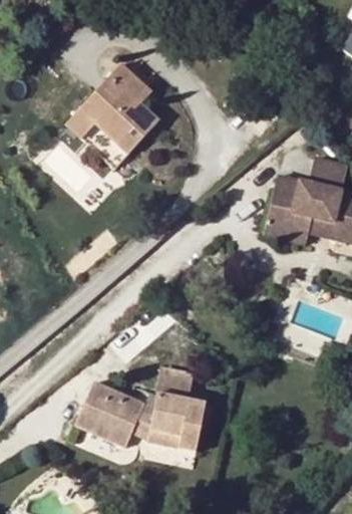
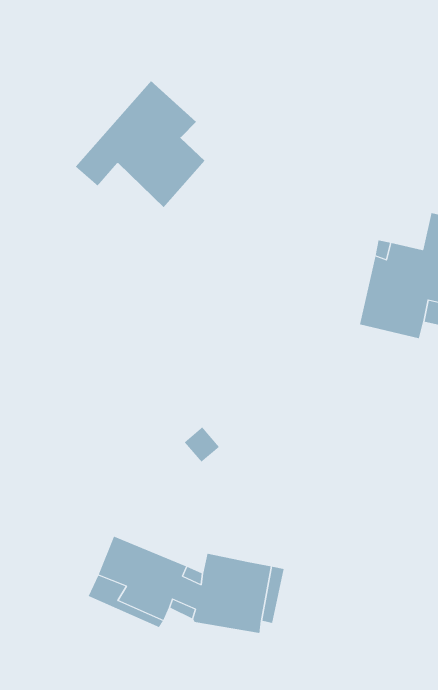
building: [82,121,128,168] -> none
building: [158,365,194,400] -> none

